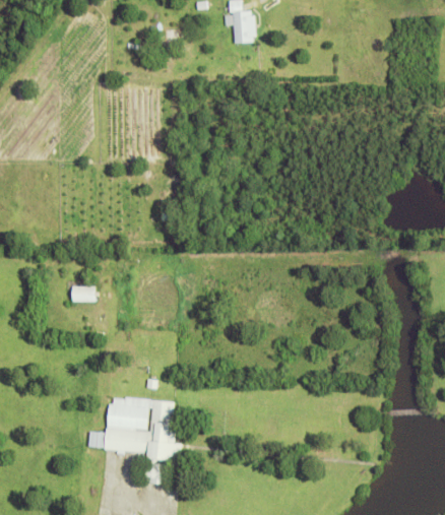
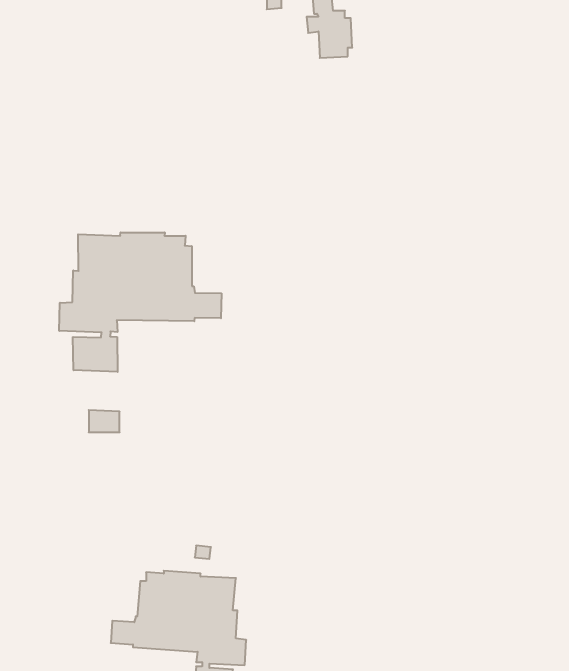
building: none -> [59,232,221,372]

